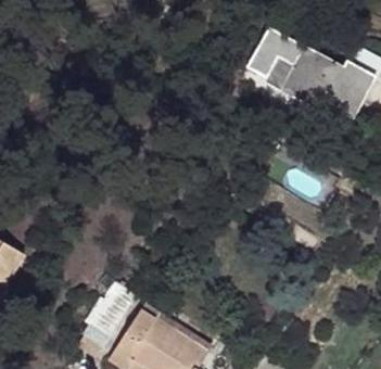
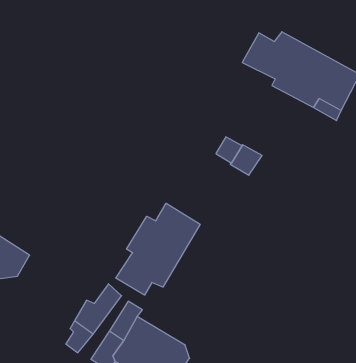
building: none -> [116,203,200,295]

